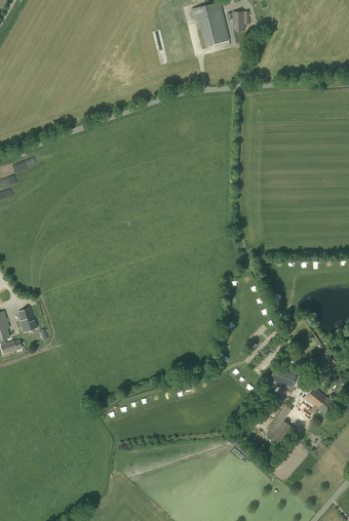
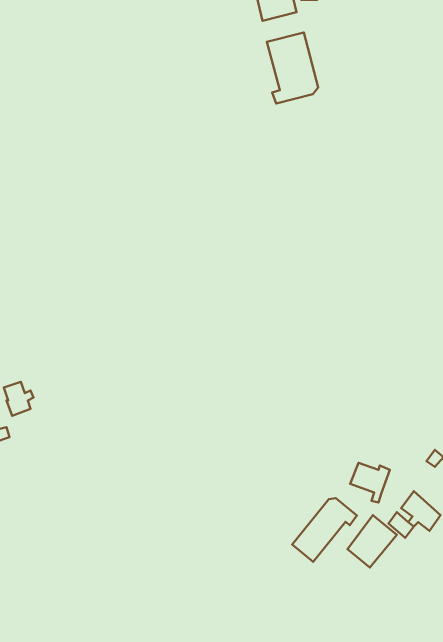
building: none -> [267,33,318,103]
building: none -> [292,498,357,562]

